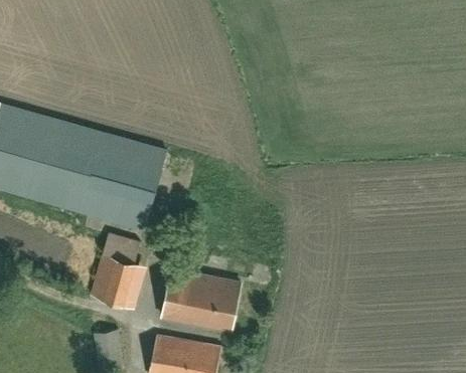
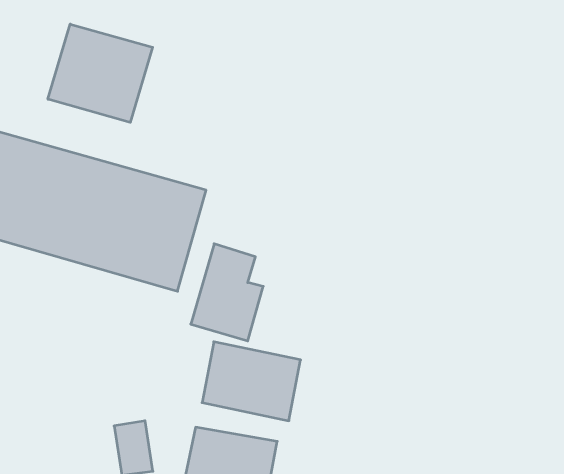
building: none -> [48,24,153,122]
building: [91,232,147,308] -> [191,244,263,341]

